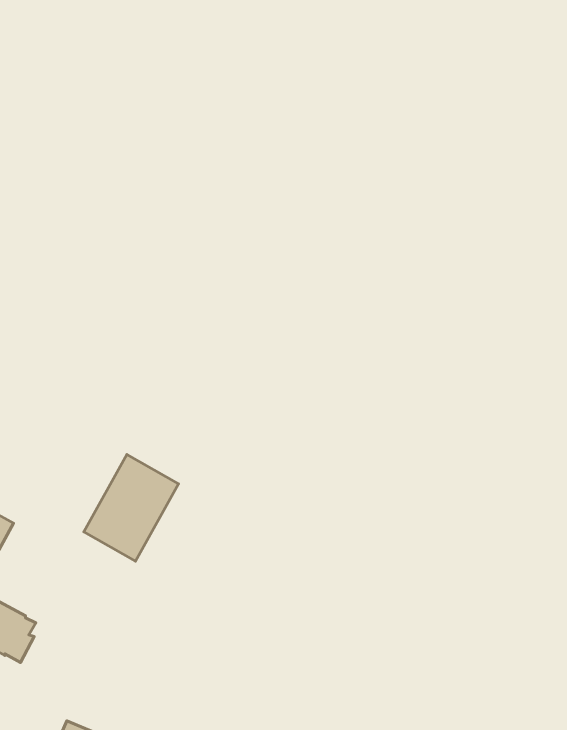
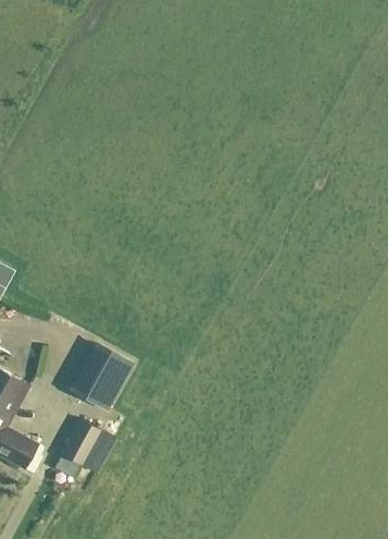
building: none -> [63,421,115,474]

